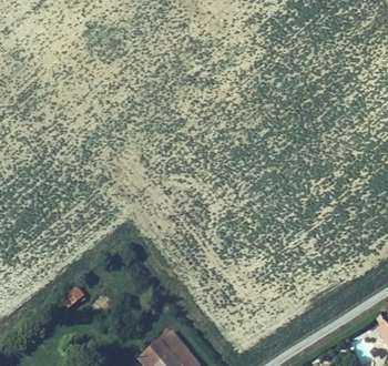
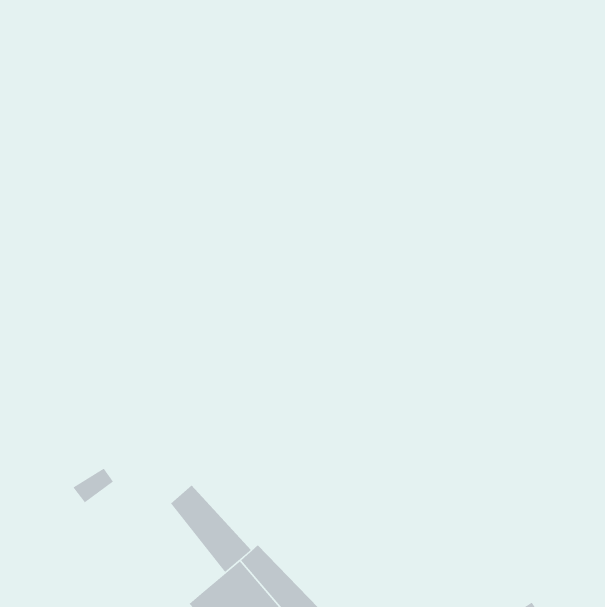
building: none -> [170,485,252,573]

